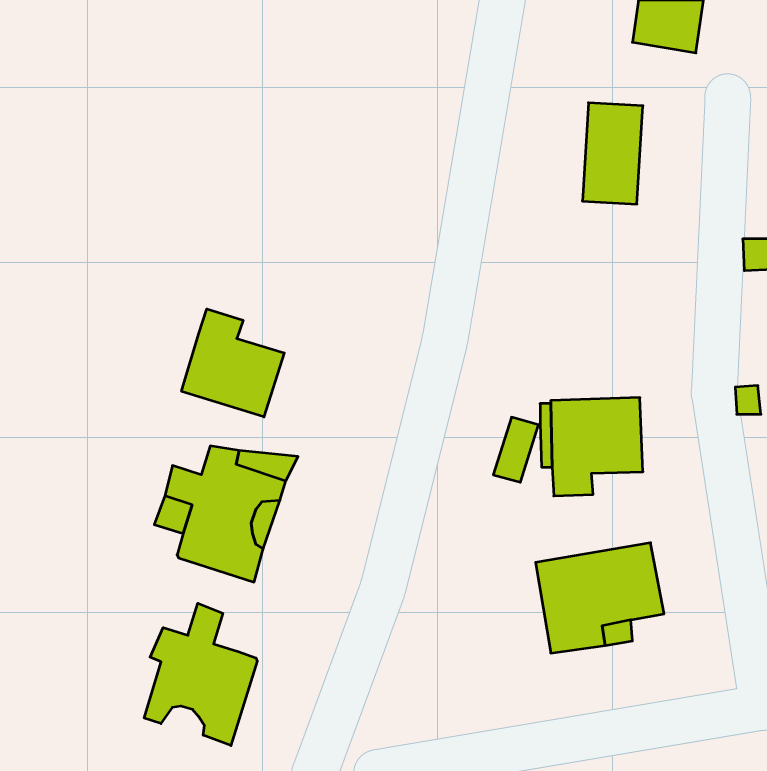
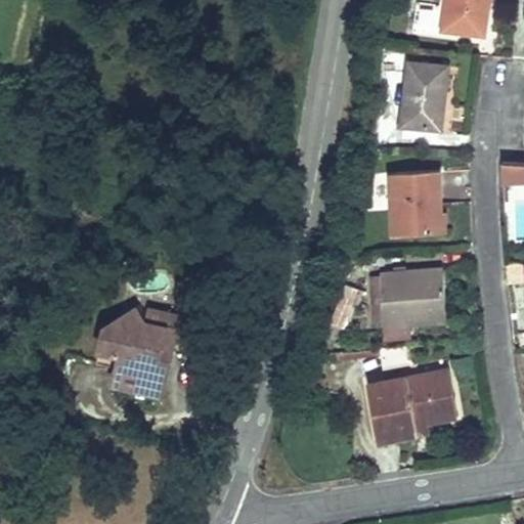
building: none -> [390,172,441,233]
building: [182,309,284,417] -> none
building: [144,603,257,746] -> none

